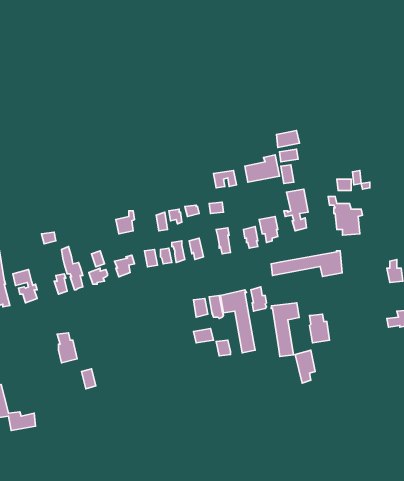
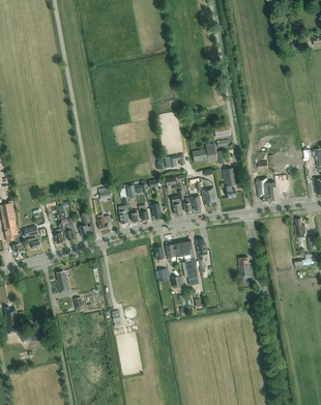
building: [271,251,342,276] -> none
building: [271,303,299,357] -> none

